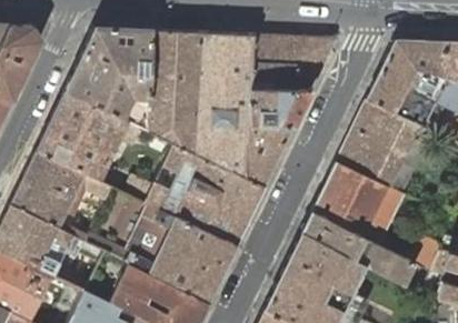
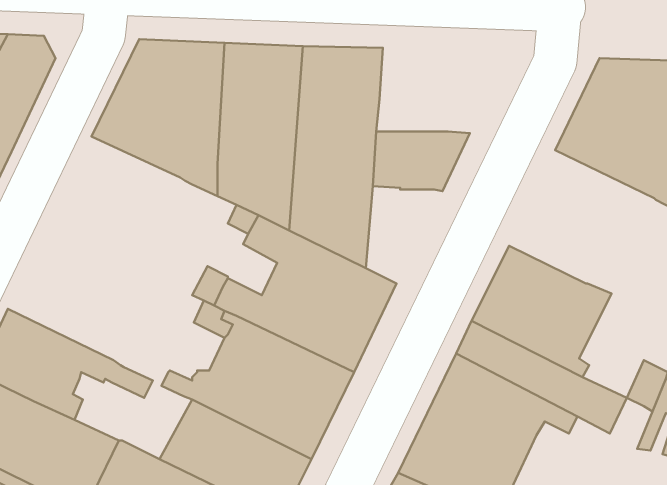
building: [251,34,337,89] -> none
building: [11,92,131,254] -> none
building: [338,101,434,188] -> none
building: [245,124,295,188] -> none

